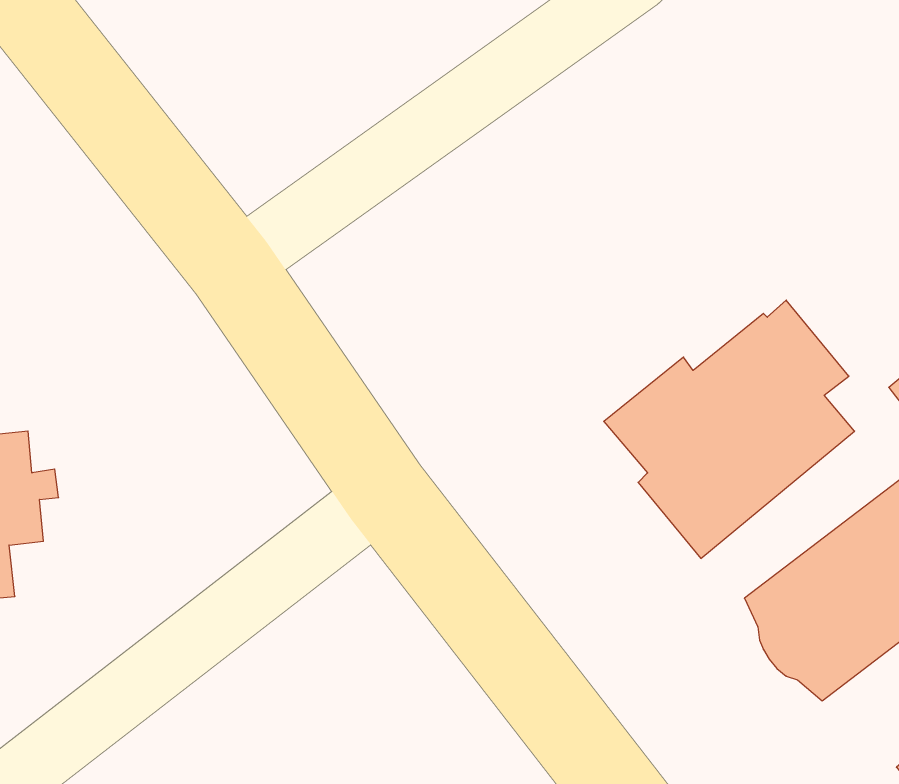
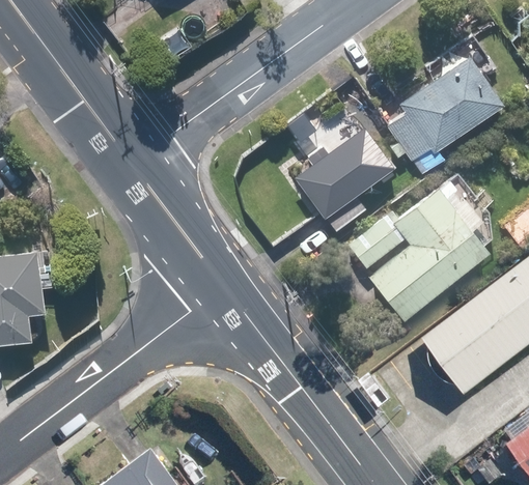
building: none -> [388,55,500,160]
building: none -> [295,125,392,230]

